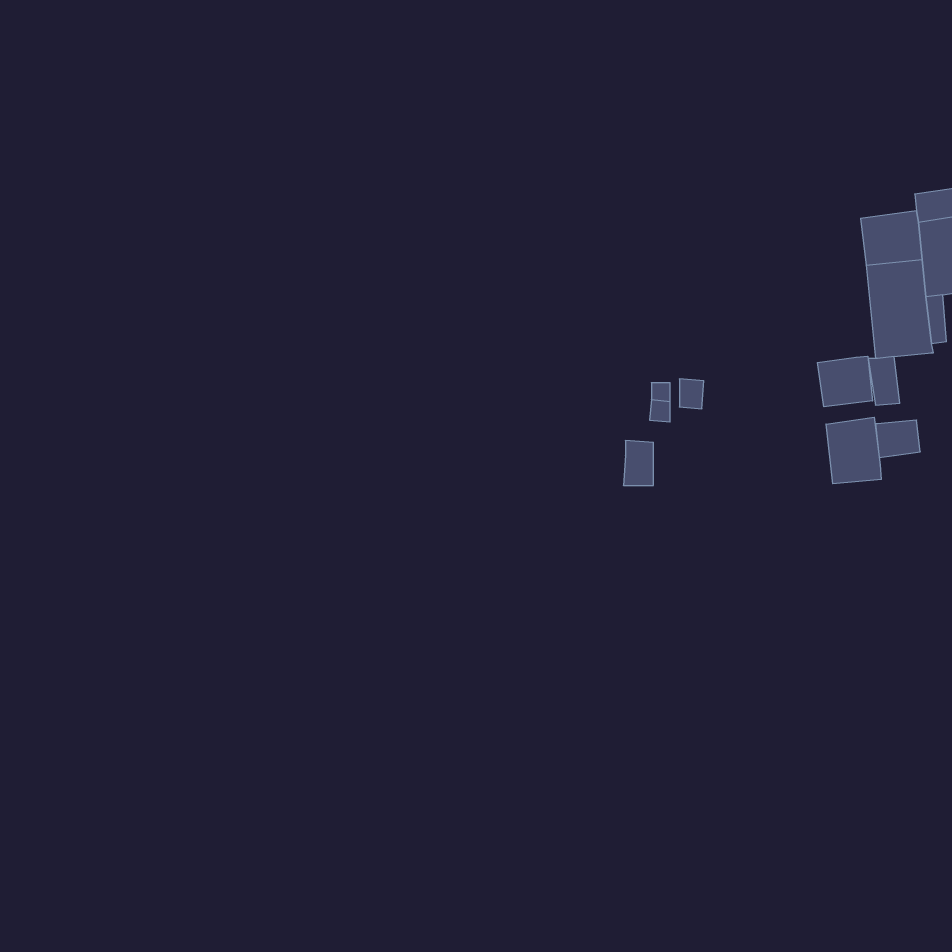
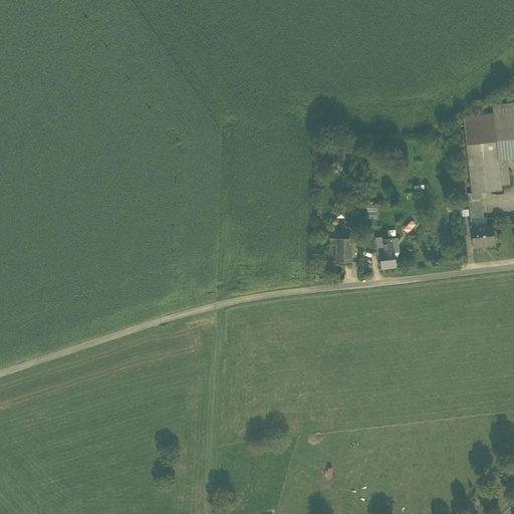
building: [817,356,872,407] -> none
building: [826,417,881,484] -> none
building: none -> [380,239,397,268]

